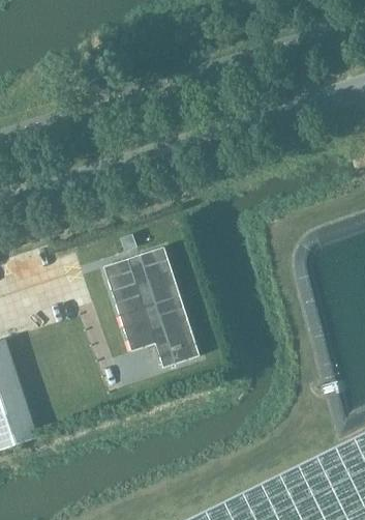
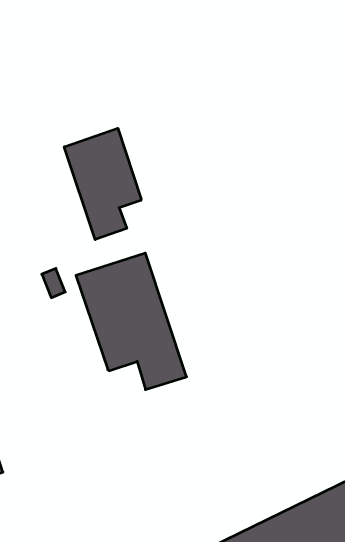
building: none -> [64,128,141,240]

